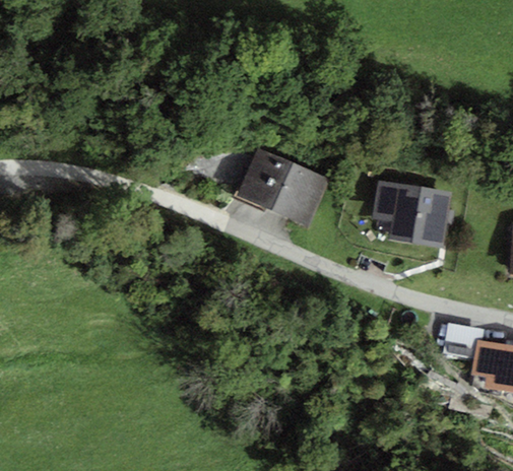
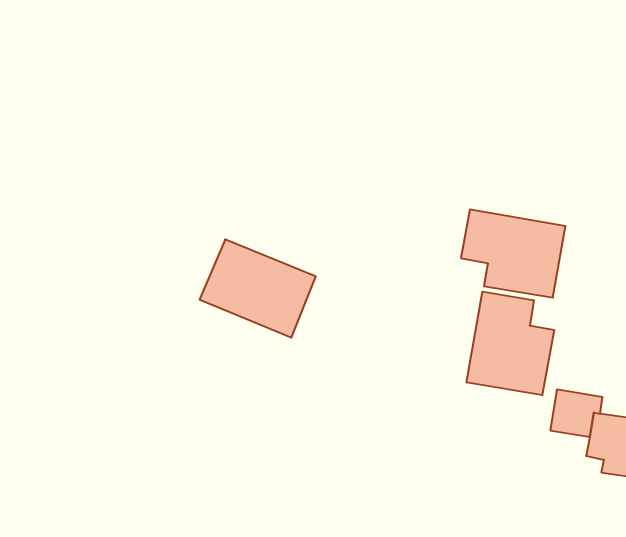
building: [237,150,329,228] -> [200,239,316,338]
building: none -> [467,292,554,395]

